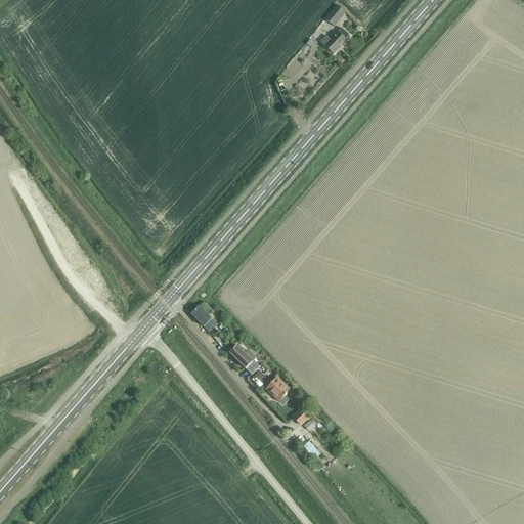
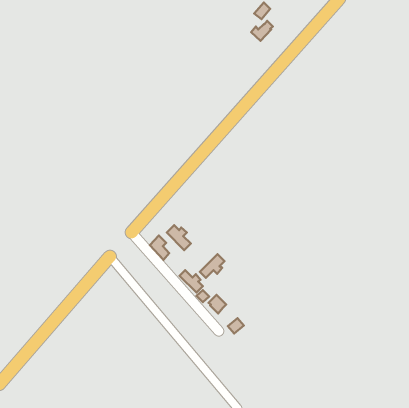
building: none -> [167,225,191,250]
building: none -> [200,254,224,278]

